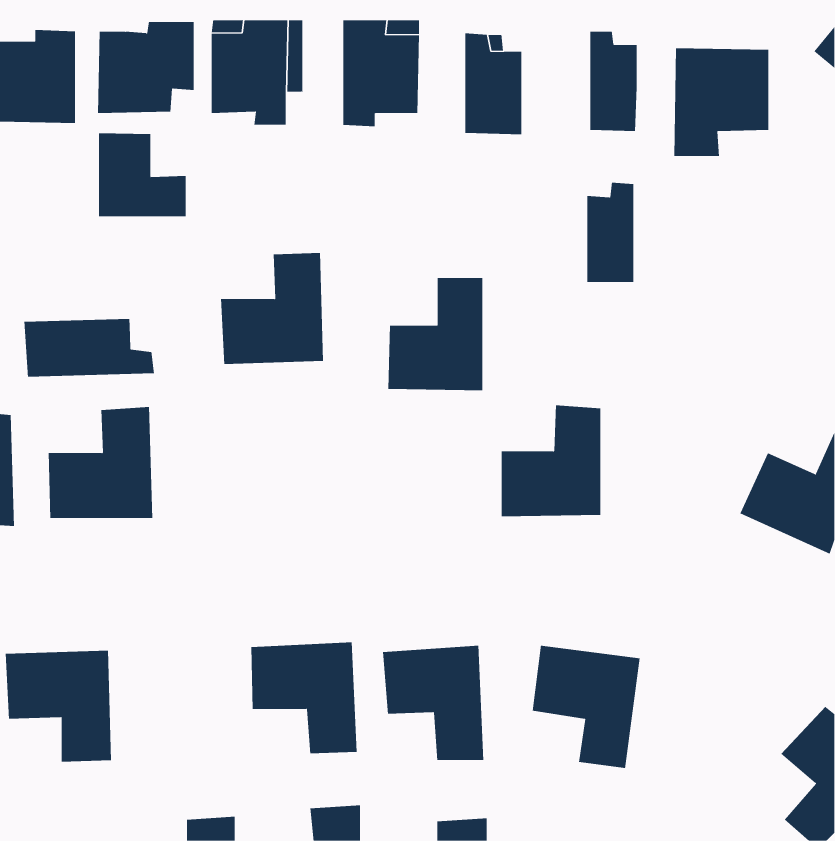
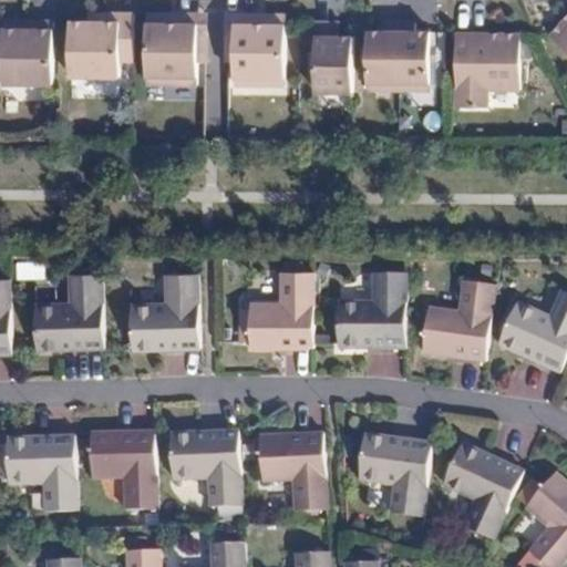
building: [99,132,186,217] -> none
building: [587,182,634,283] -> [364,20,396,87]
building: [220,252,324,364] -> [128,274,198,349]
building: [388,277,483,391] -> [247,271,311,348]
building: [24,318,155,378] -> none
building: none -> [421,282,494,362]
building: none -> [89,432,155,508]
building: none -> [442,445,523,539]

